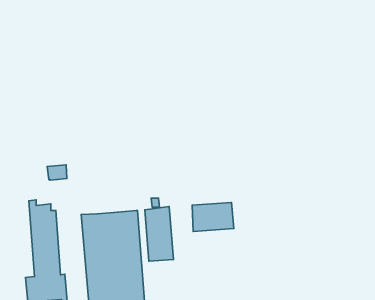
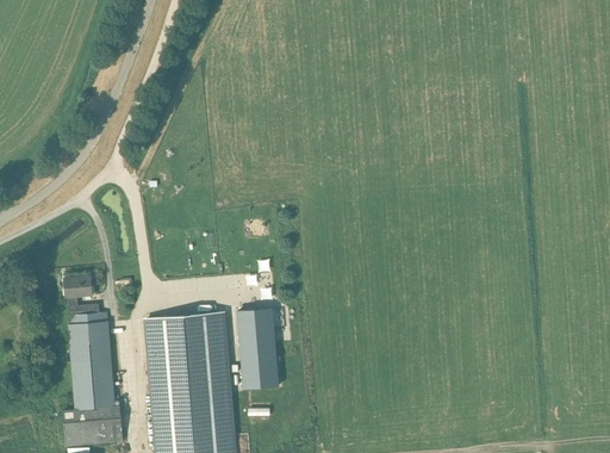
building: [47,165,67,180] -> [63,275,92,298]
building: [192,202,234,232] -> none

